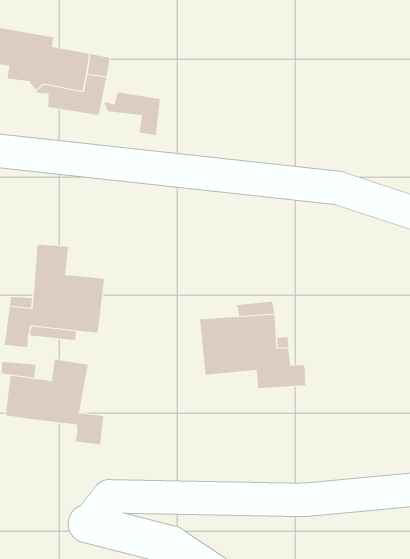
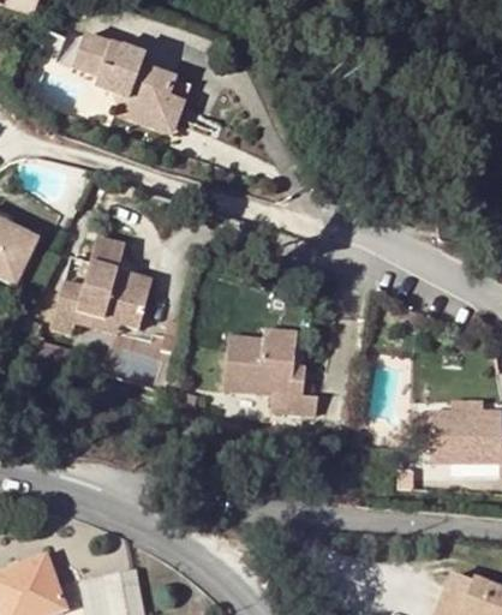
building: [103,92,161,136] -> none
building: [5,359,104,445] -> none

